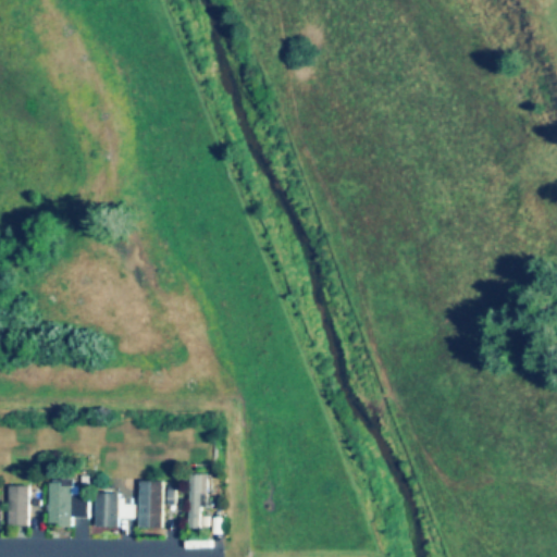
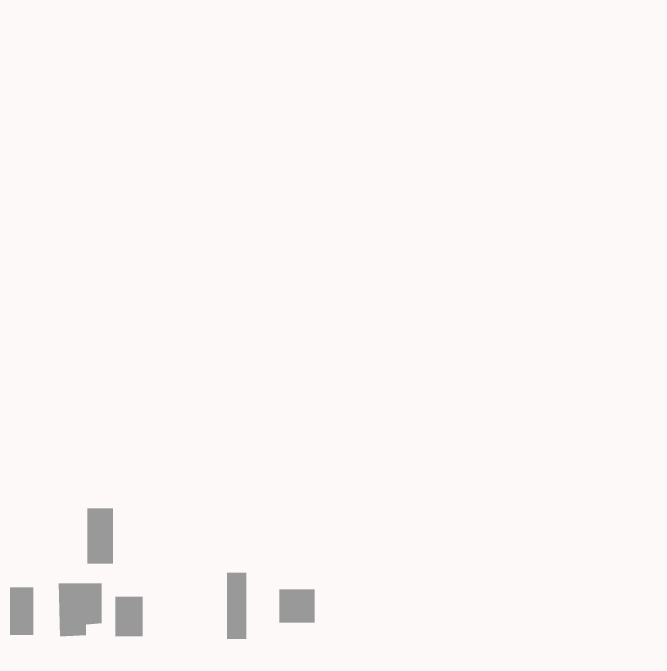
building: [139,481,162,528] -> [86,508,114,564]
building: none -> [279,588,315,623]

